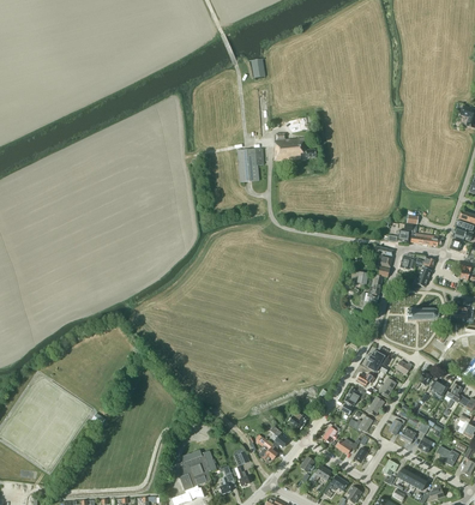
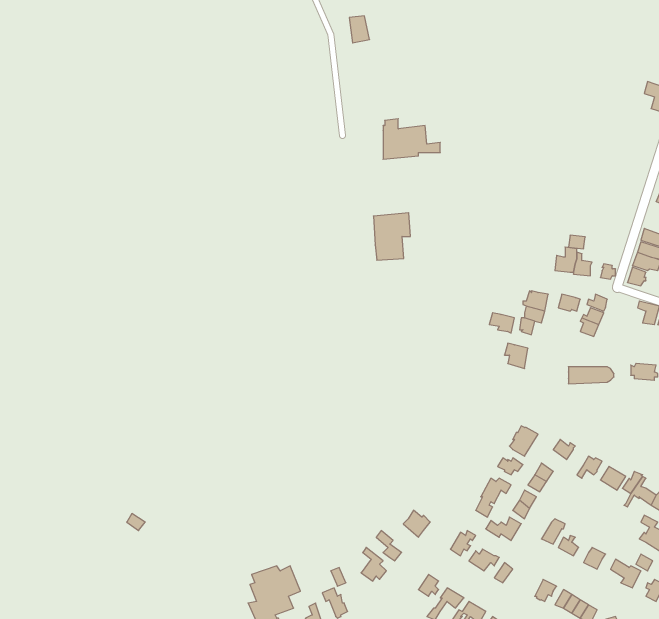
building: [237,148,264,181] -> [373,213,410,260]

